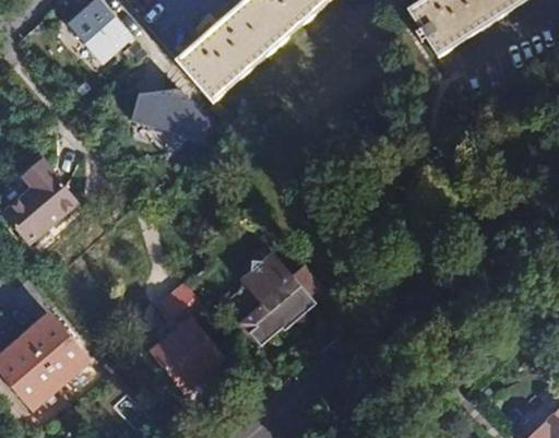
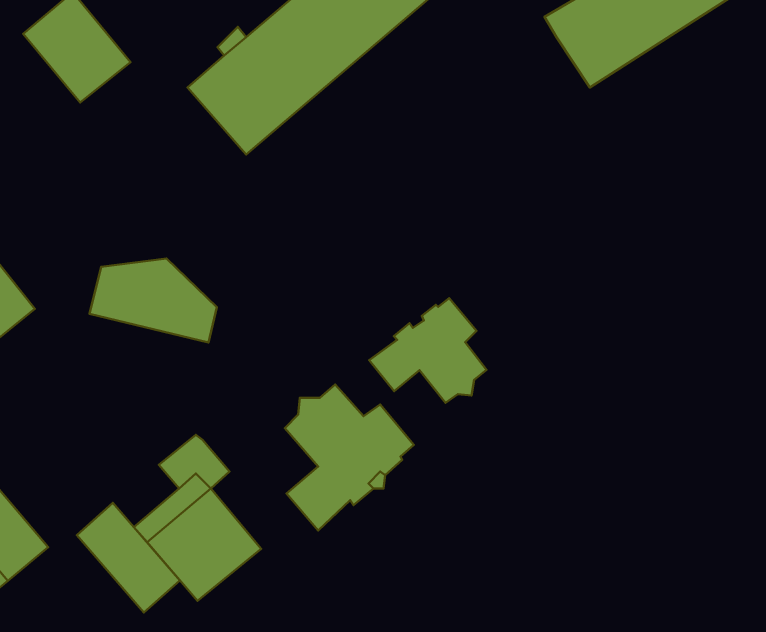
building: [131,87,214,142] -> [89,259,217,342]
building: none -> [369,298,487,403]
building: none -> [77,503,180,613]

